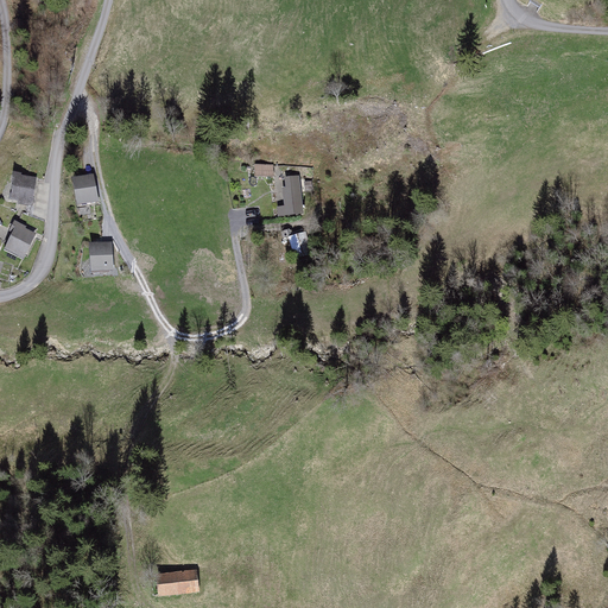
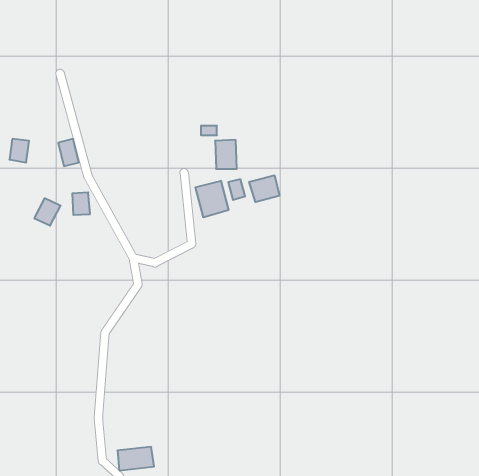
building: none -> [249,175,279,202]
building: [6,224,39,259] -> [34,198,61,226]
building: none -> [195,181,229,217]

